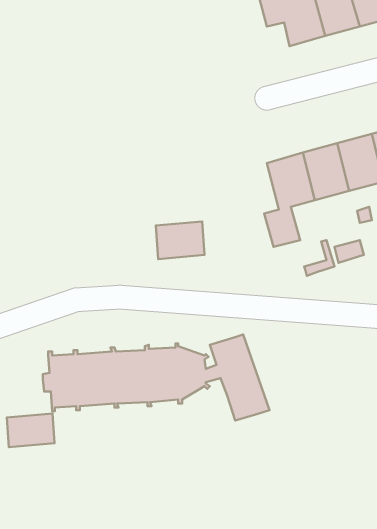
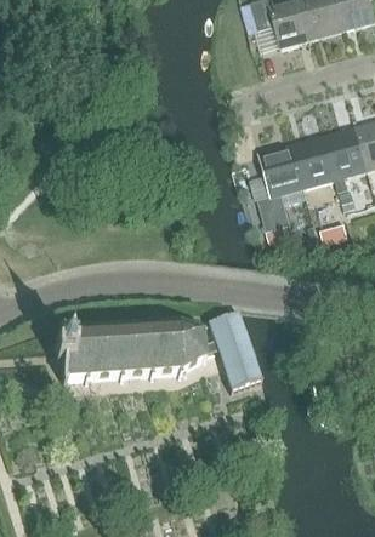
building: [156,221,205,259] -> none
building: [7,414,55,447] -> none

